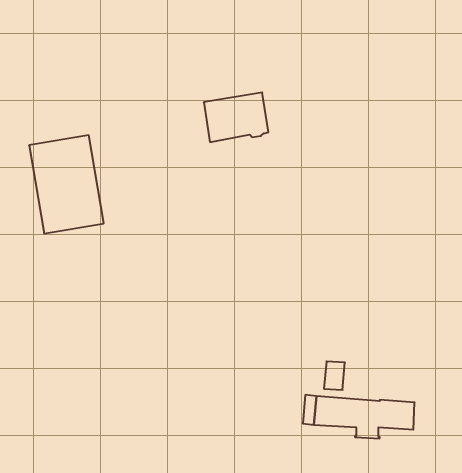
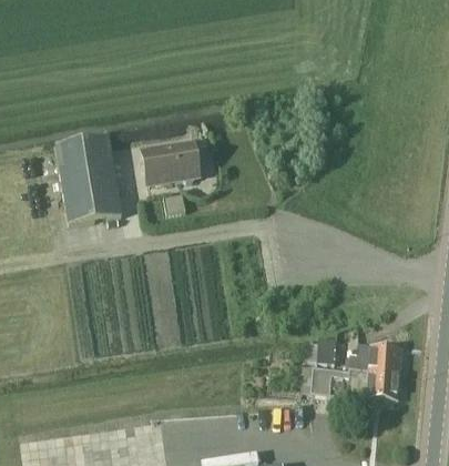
building: [204,92,268,142] -> [142,138,200,182]
building: none -> [348,343,401,372]

